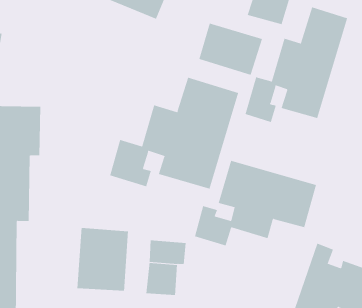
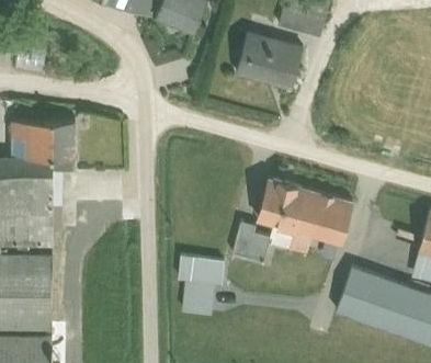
building: [245,7,348,123] -> none
building: [109,77,239,189] -> none
building: [77,227,129,291] -> none

